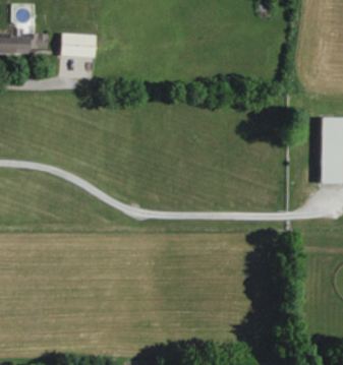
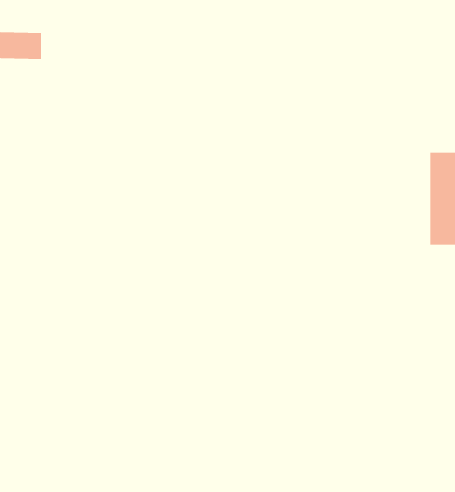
building: [60,34,96,58] -> none

